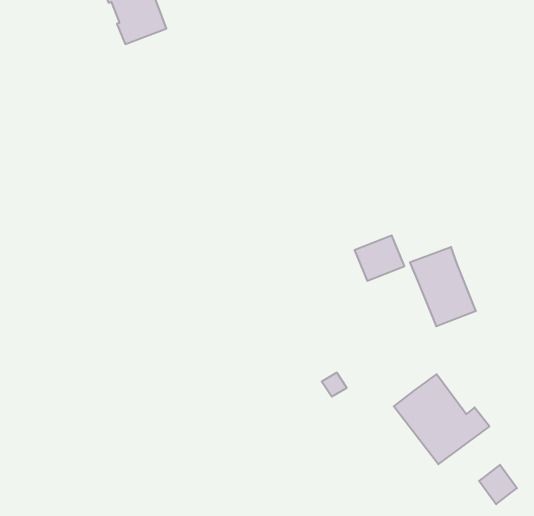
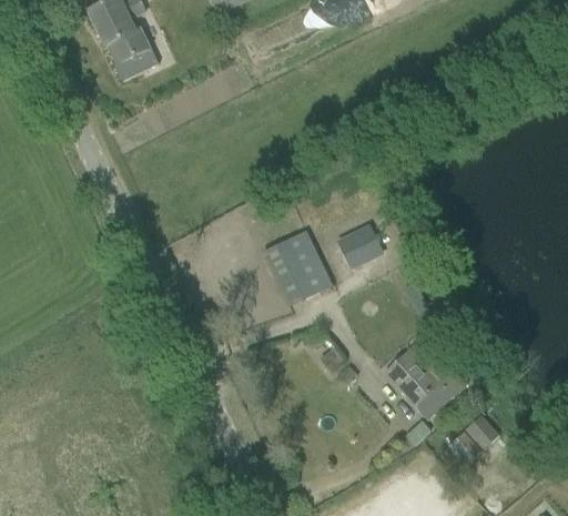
building: [410,247,476,326] -> [274,230,335,300]

